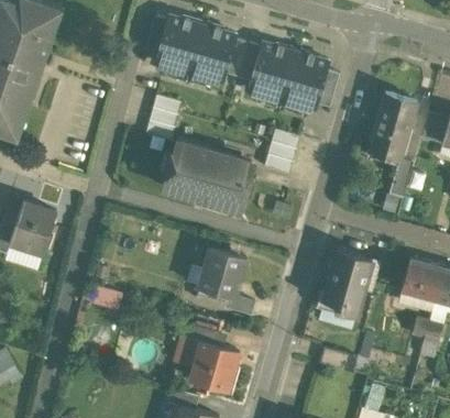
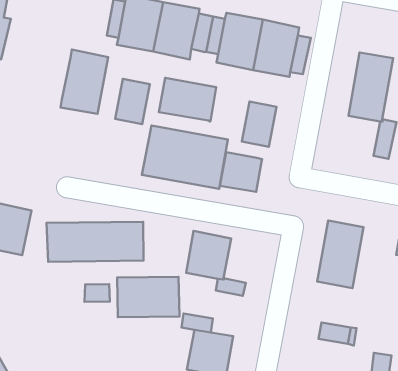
building: none -> [61,50,108,114]
building: none -> [159,78,216,121]
building: none -> [220,152,262,192]
building: none -> [47,222,144,262]
building: none -> [117,277,179,317]

